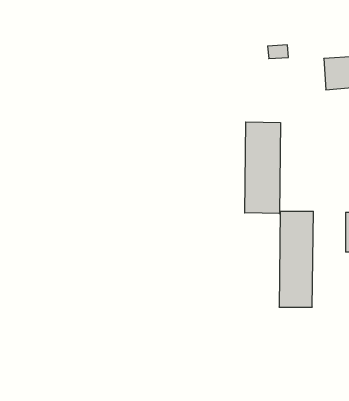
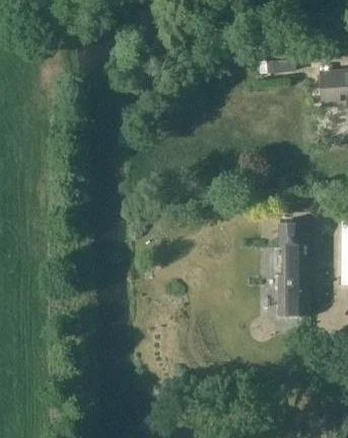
building: [245,122,280,214] -> none

